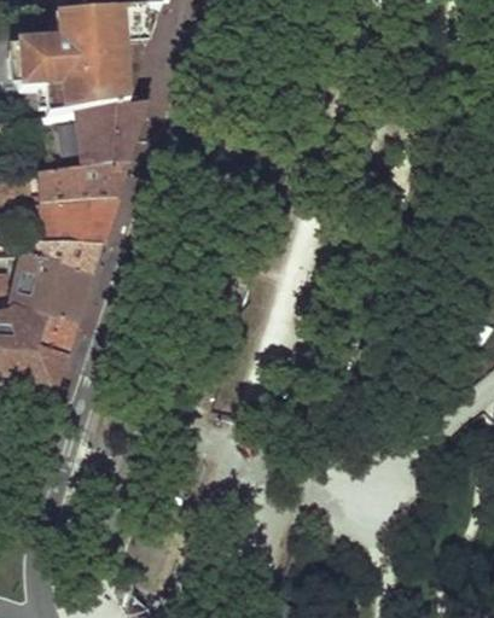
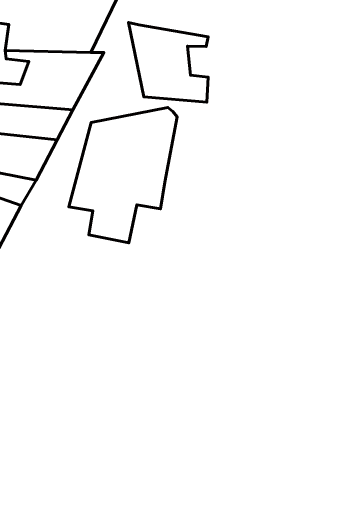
building: none -> [129,23,208,102]
building: none -> [69,108,177,243]

